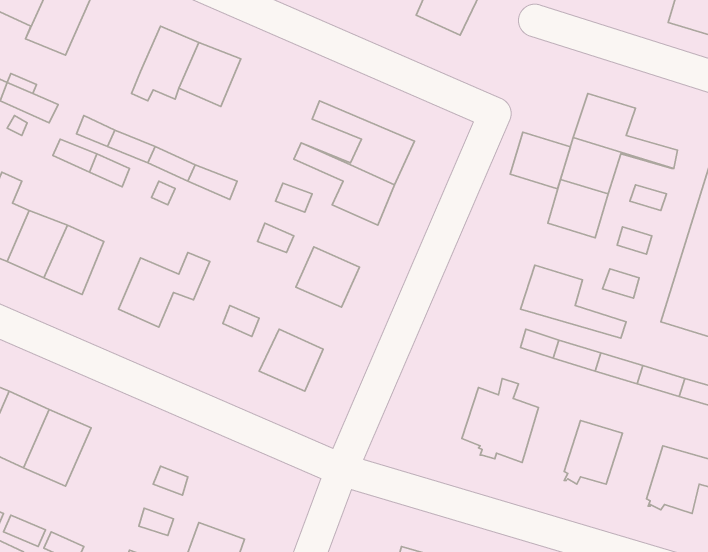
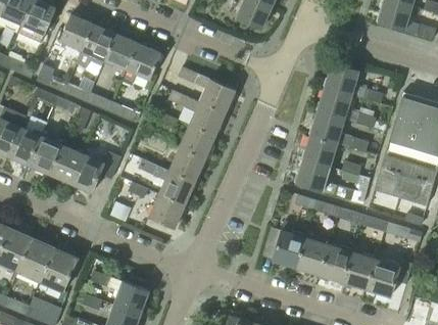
building: none -> [60,14,94,50]
building: none -> [123,43,160,85]
building: [510,132,570,189] -> [303,135,337,167]
building: none -> [180,125,215,159]
building: none -> [50,145,83,183]
building: none -> [139,159,195,205]
building: none -> [296,229,329,276]
building: none -> [41,249,78,291]
building: none -> [342,252,375,289]
building: none -> [115,281,148,312]

